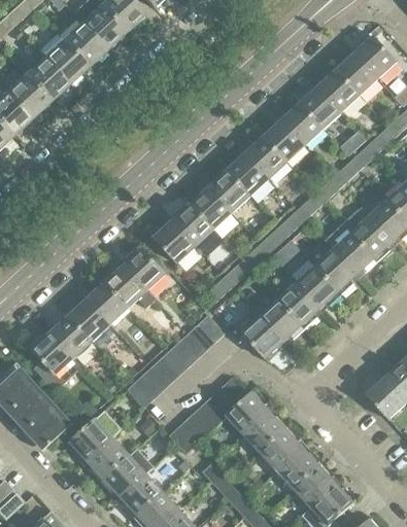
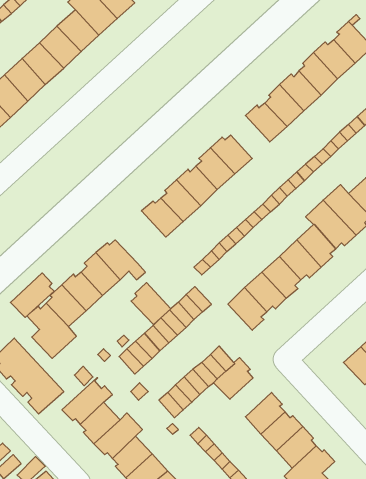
building: [246,134,287,179] -> none
building: [124,246,166,290] -> [131,283,171,324]
building: none -> [10,273,54,317]
building: [245,412,290,453] -> none

